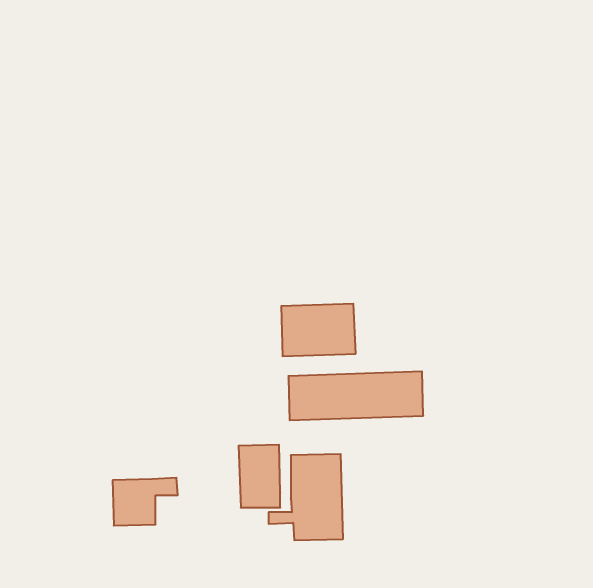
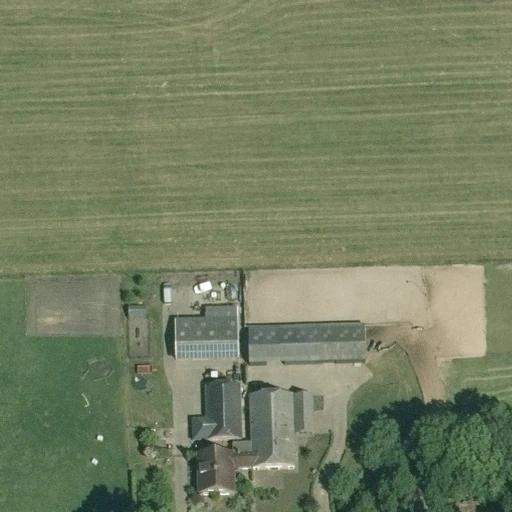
building: [281,304,356,356] -> [174,315,238,360]
building: [113,478,178,526] -> [198,449,254,490]

